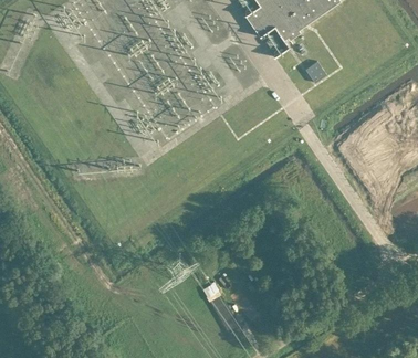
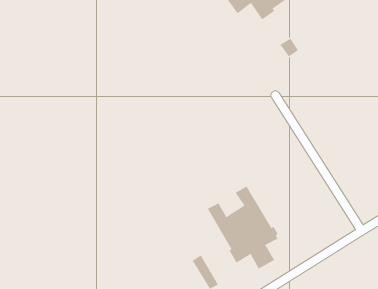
building: none -> [207,186,278,269]

